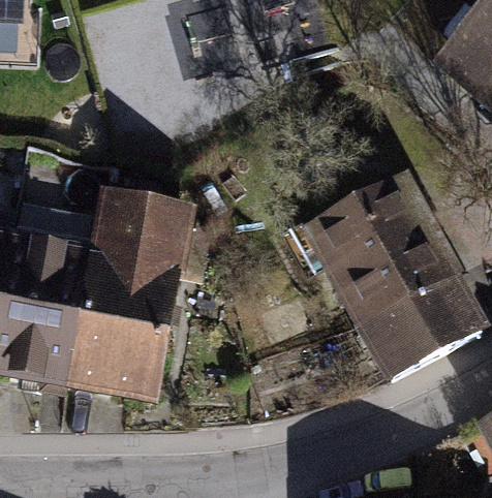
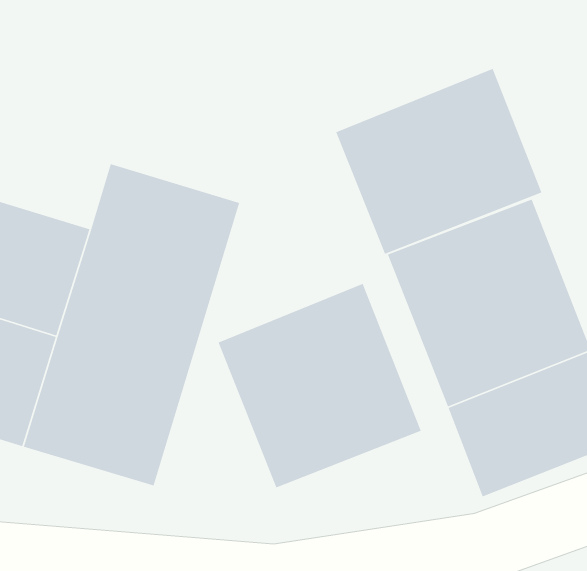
building: none -> [335,68,542,255]
building: none -> [217,283,422,489]

